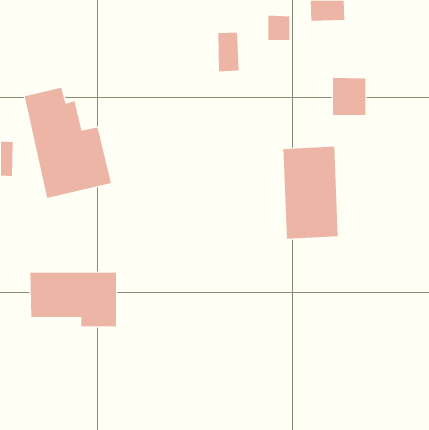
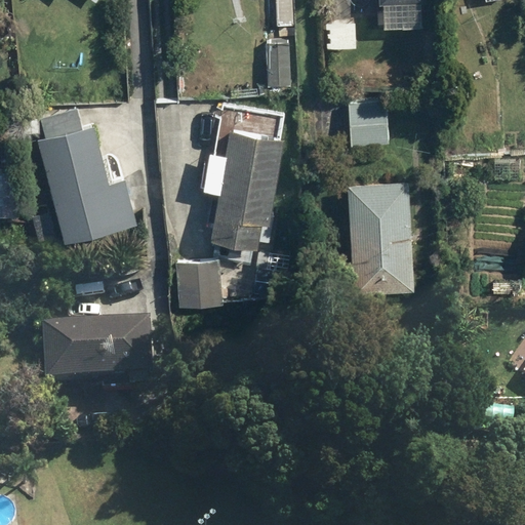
building: [332,77,366,115] -> [348,99,389,146]
building: none -> [211,107,283,261]
building: none -> [178,257,224,308]

